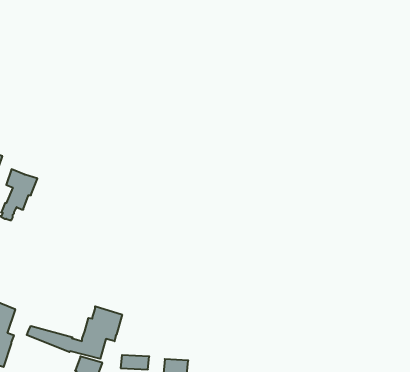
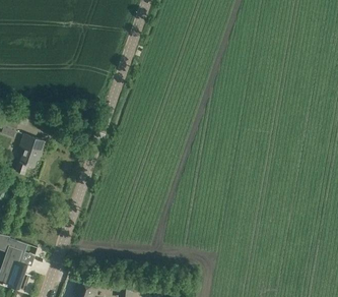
building: [27,306,122,359] -> none

